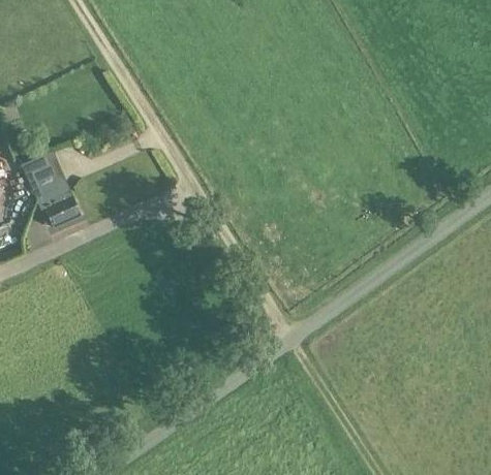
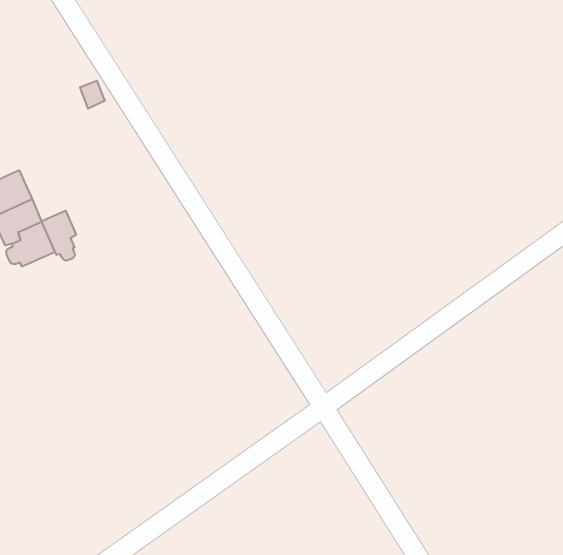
building: none -> [42,211,76,261]

